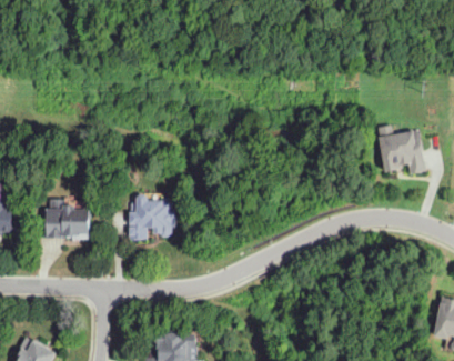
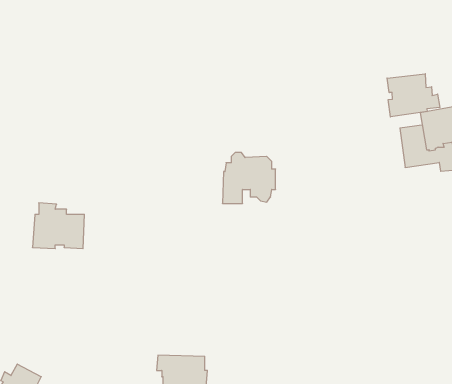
building: none -> [387,74,440,117]
building: [129,195,175,240] -> [222,153,276,203]

